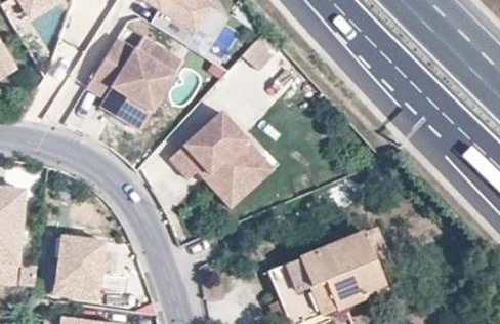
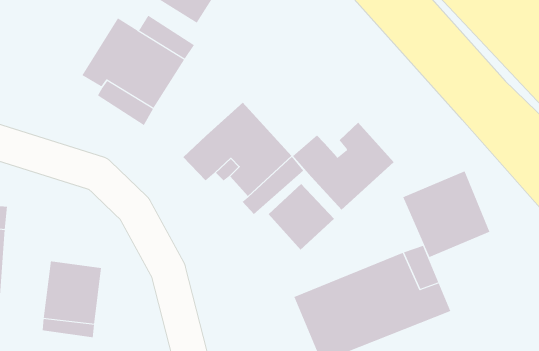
building: none -> [292,122,395,210]
building: none -> [403,171,490,258]
building: none -> [268,183,335,250]

